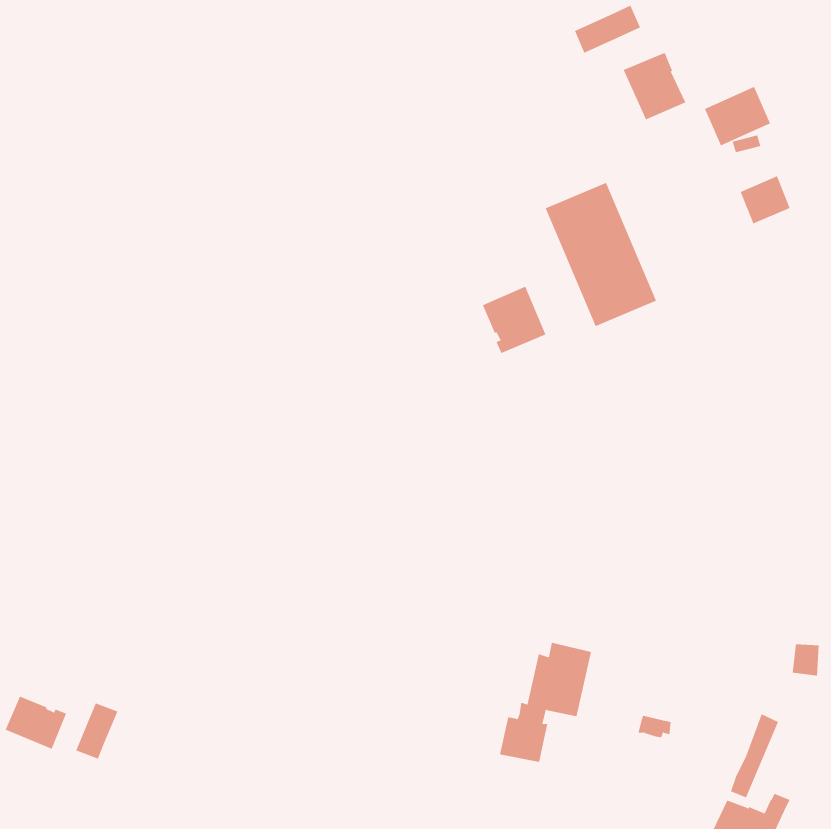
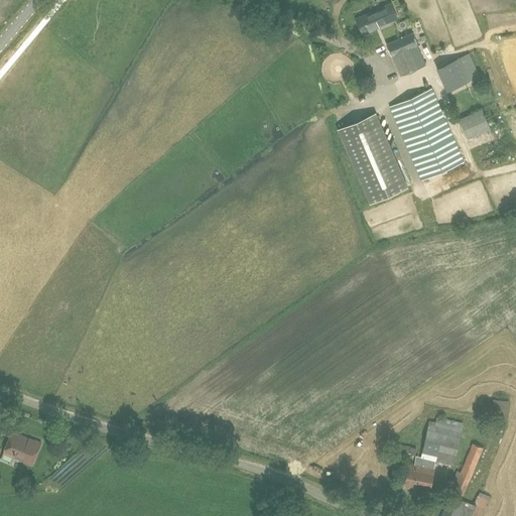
building: none -> [390,90,464,180]
building: [482,286,546,354] -> none
building: [499,642,592,762] -> [404,418,462,493]
building: [76,703,118,759] -> none

